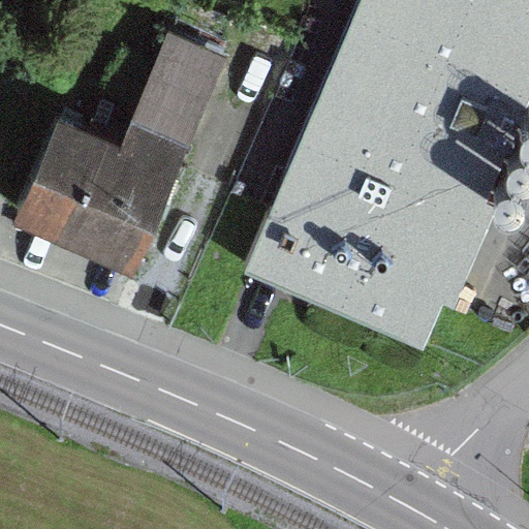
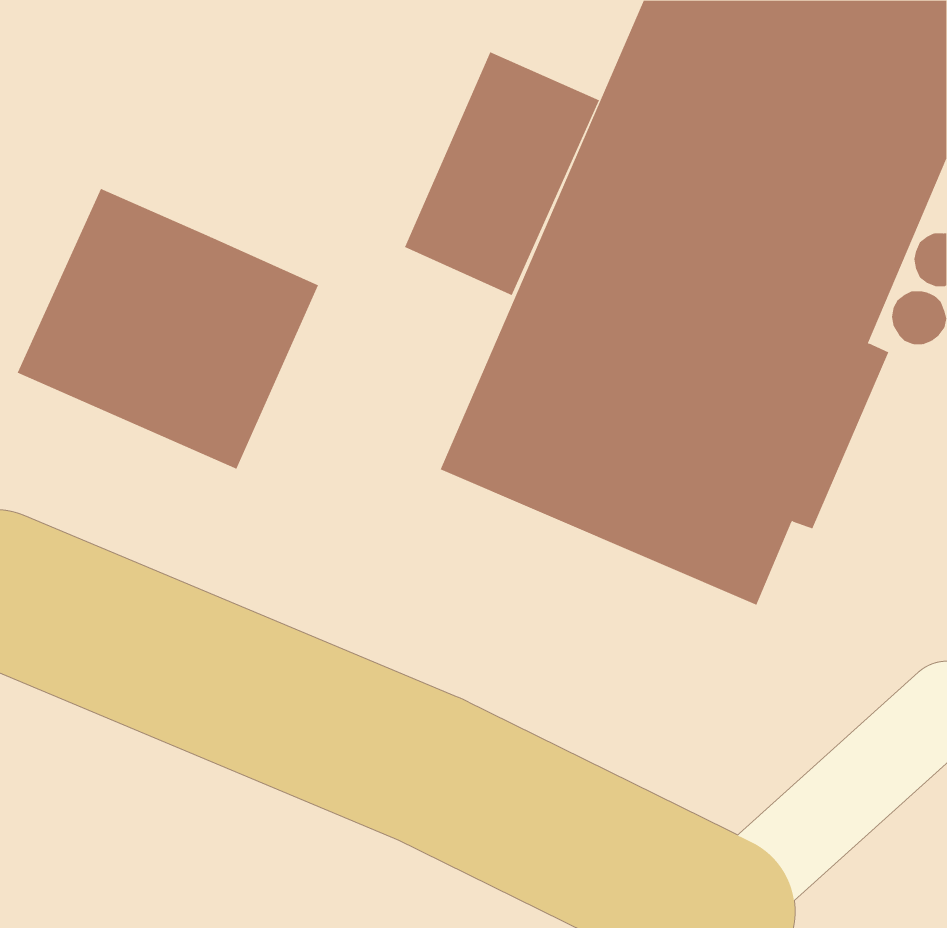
building: [117,36,225,172] -> [404,52,600,296]

